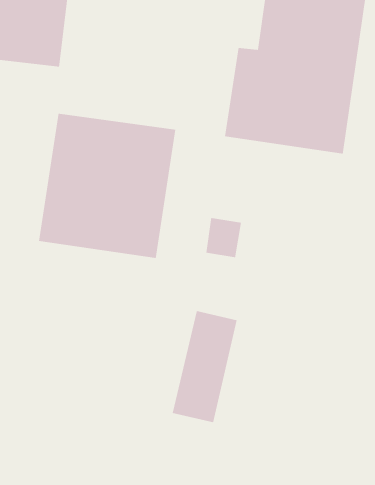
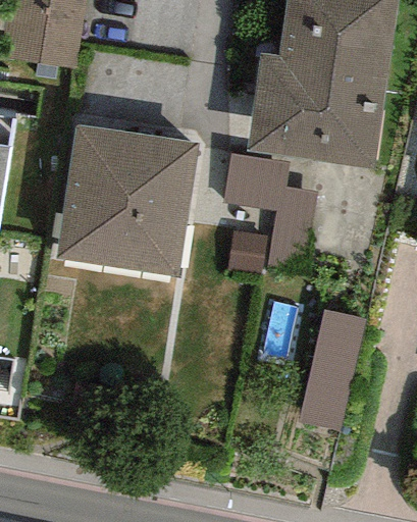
building: none -> [225,157,315,271]
building: [172,310,237,423] -> [298,312,366,429]

